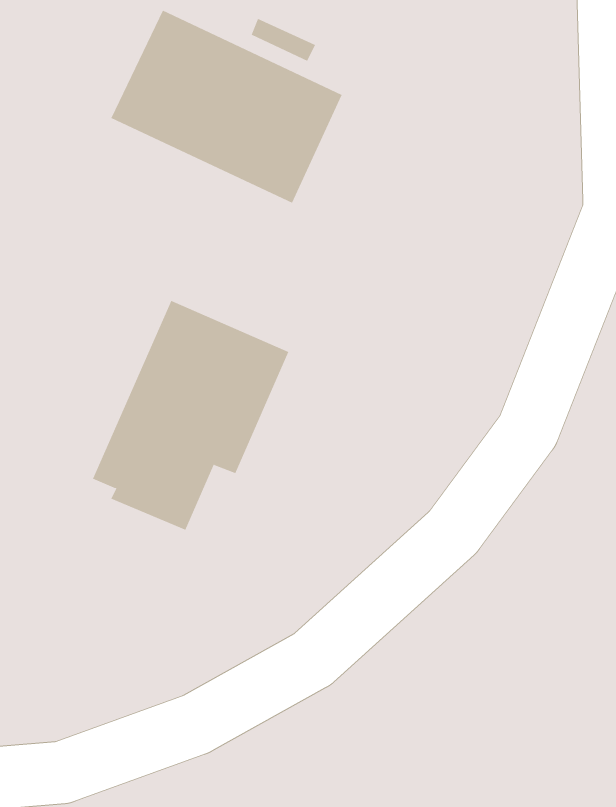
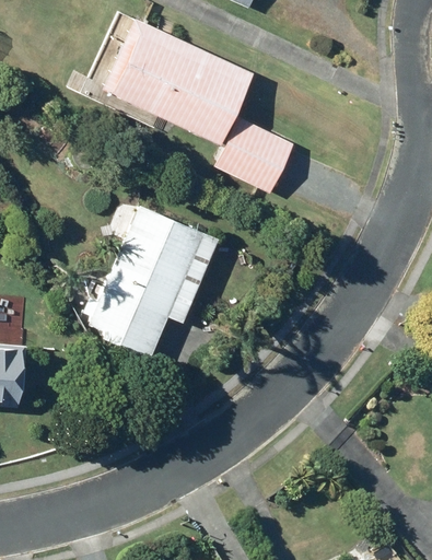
building: none -> [218,117,296,192]

